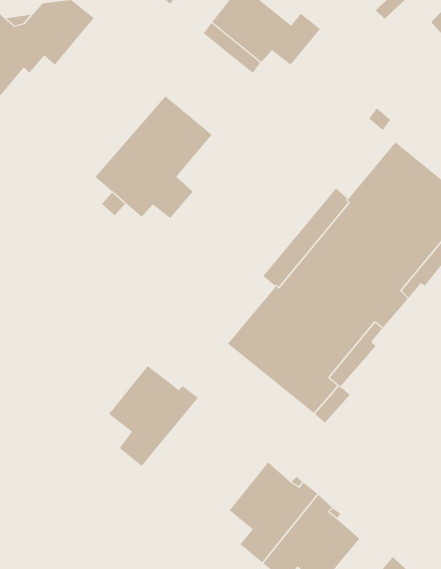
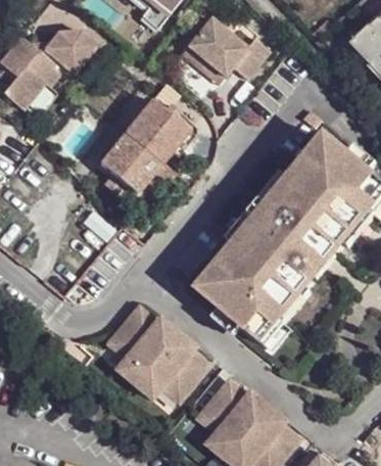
building: none -> [133,328,207,397]

